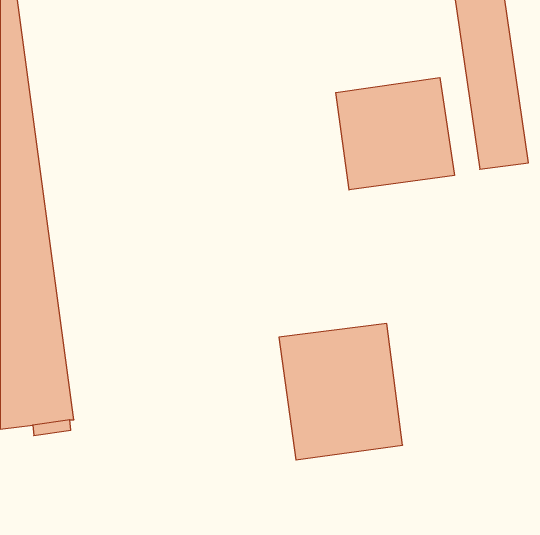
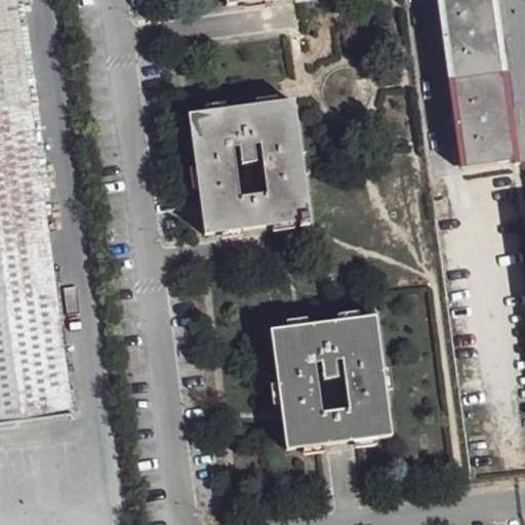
building: [336,78,454,190] -> none
building: none -> [189,98,309,231]

